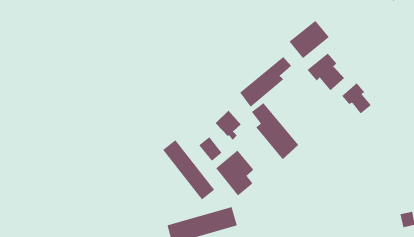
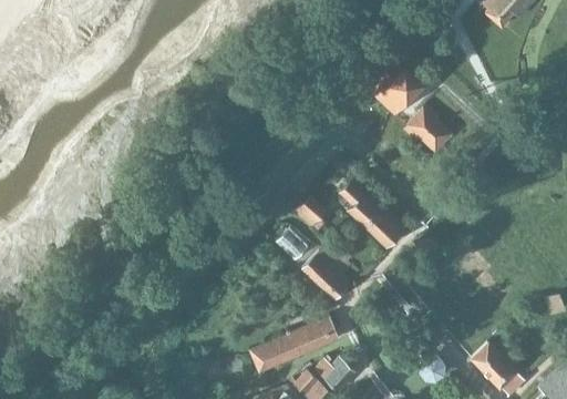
building: [239,56,292,108] -> none
building: [341,82,372,114] -> none
building: [162,139,215,200] -> none

